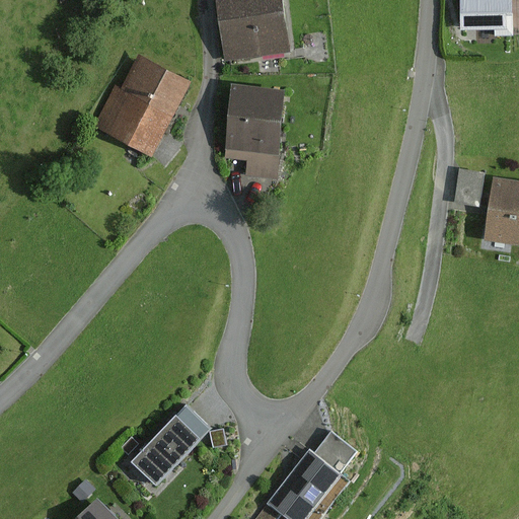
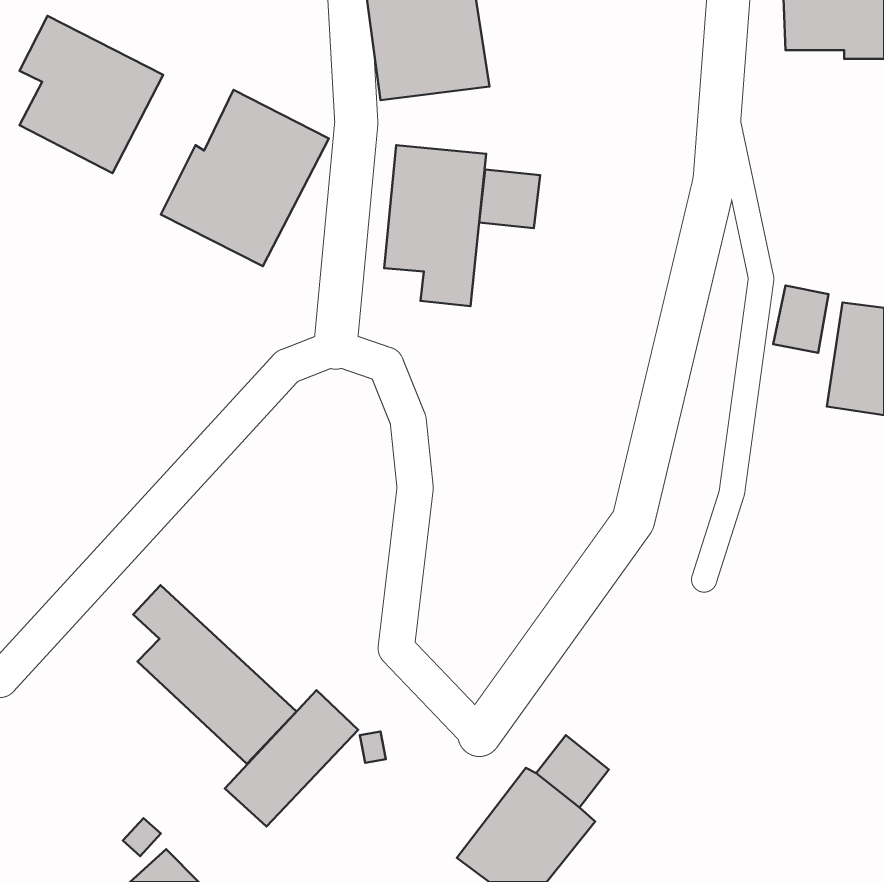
building: none -> [20,16,163,173]
building: none -> [479,170,540,228]
building: none -> [133,585,297,764]

